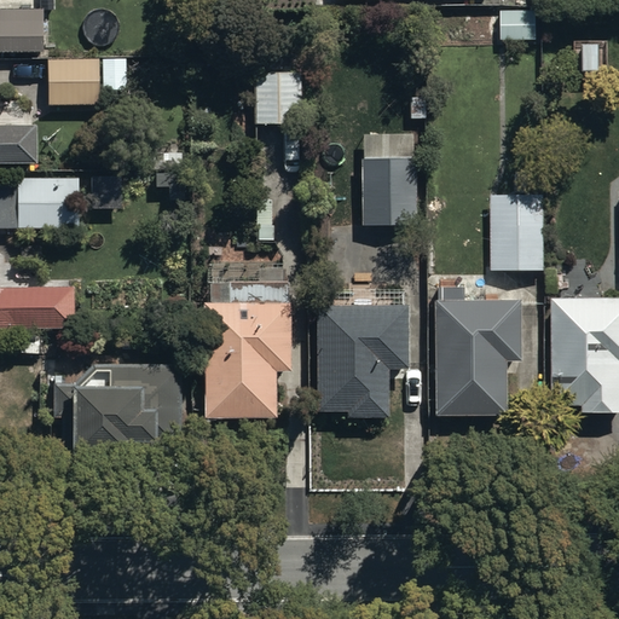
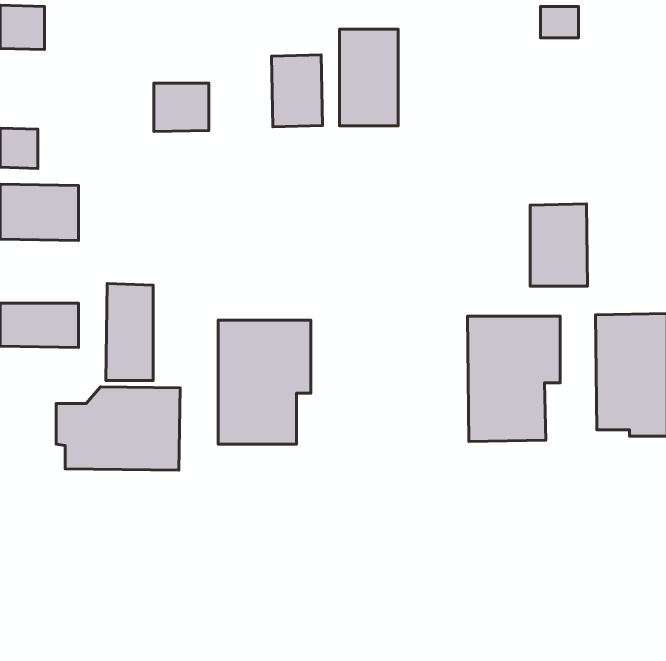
building: [48,60,99,105] -> [154,83,209,132]
building: [361,135,416,225] -> [339,29,398,126]
building: none -> [106,284,153,380]
building: [317,303,407,418] -> none

